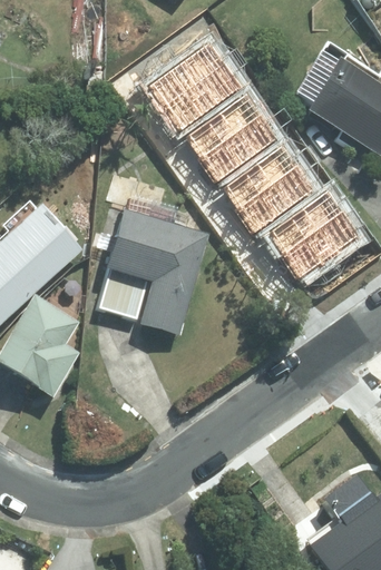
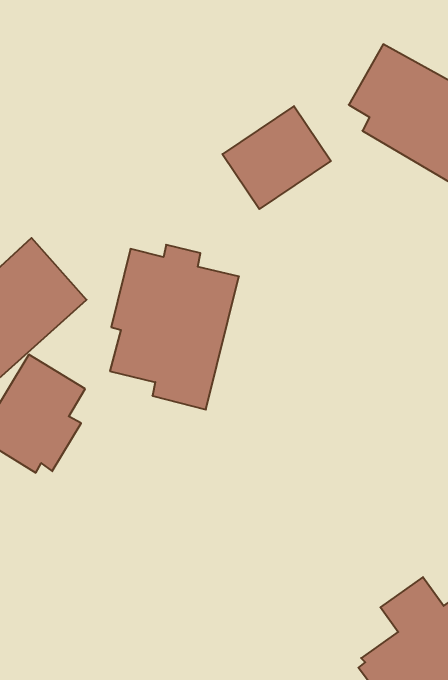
building: [152,40,244,127] -> none
building: [226,145,316,229] -> none
building: [273,189,361,273] -> none

